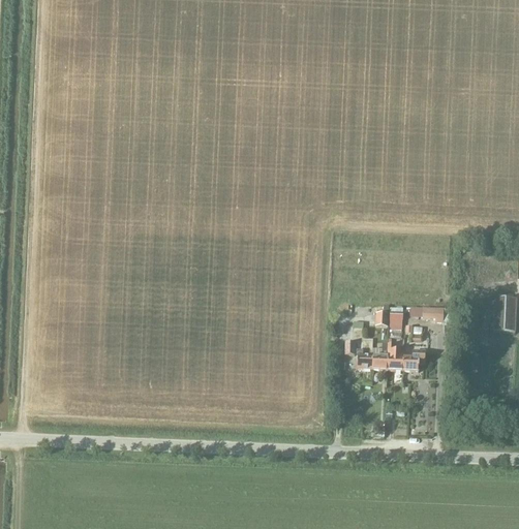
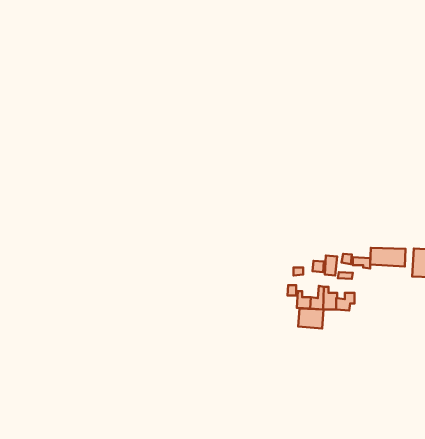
building: none -> [370,248,405,266]
building: none -> [298,308,324,328]

